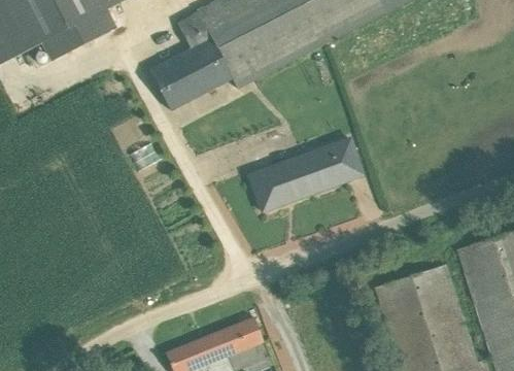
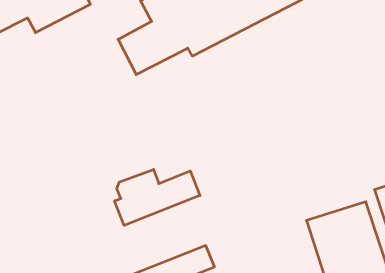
building: [247,136,363,211] -> none
building: none -> [115,169,200,225]

